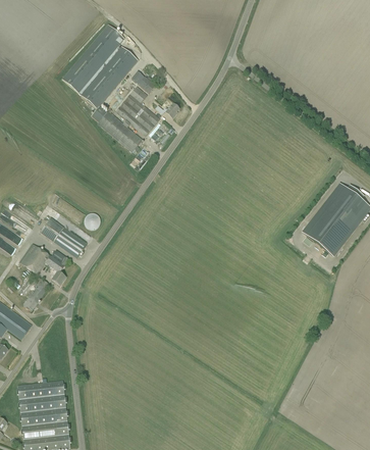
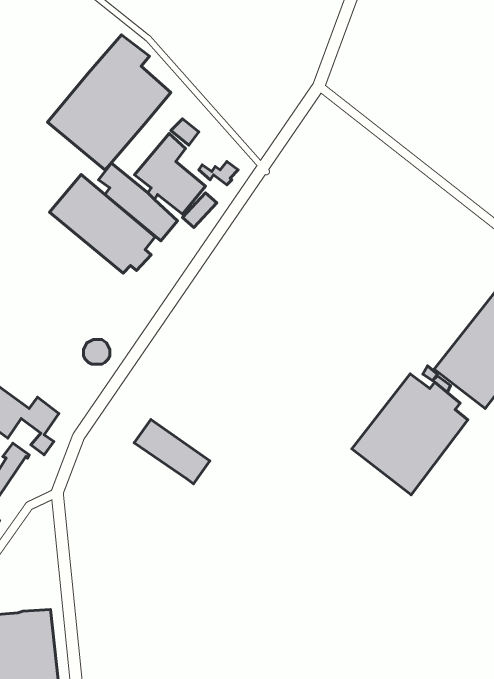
building: none -> [49,174,155,273]
building: [40,218,87,258] -> [134,420,210,484]
building: none -> [352,374,468,495]

